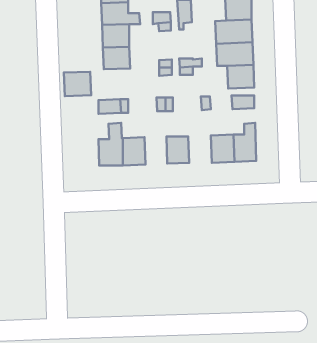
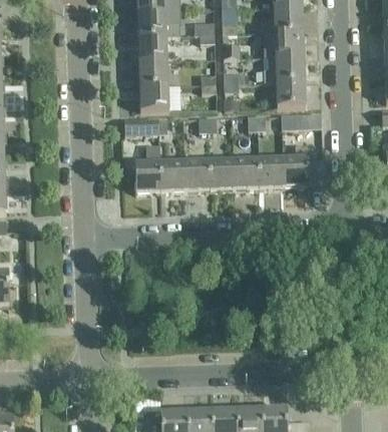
building: [64,72,91,96] -> [140,84,170,111]
building: none -> [234,158,260,188]
building: none -> [185,159,211,190]

